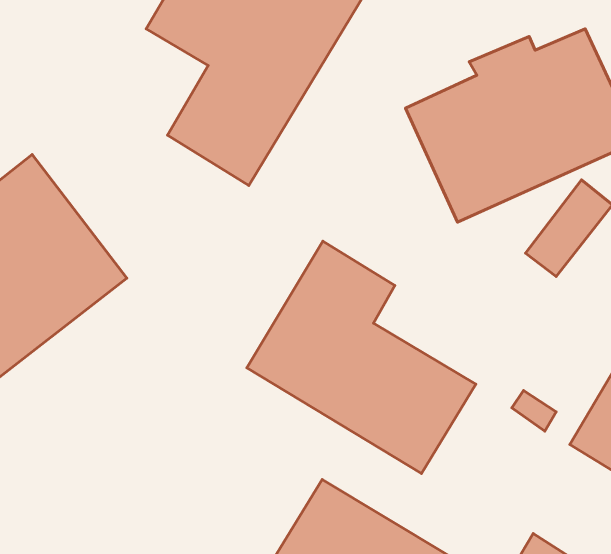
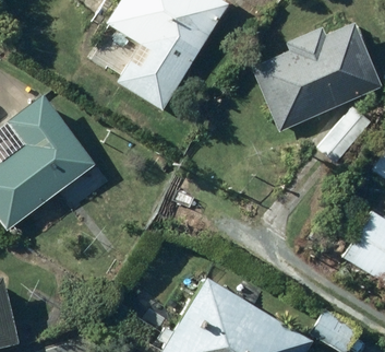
building: [247,241,476,474] -> none

